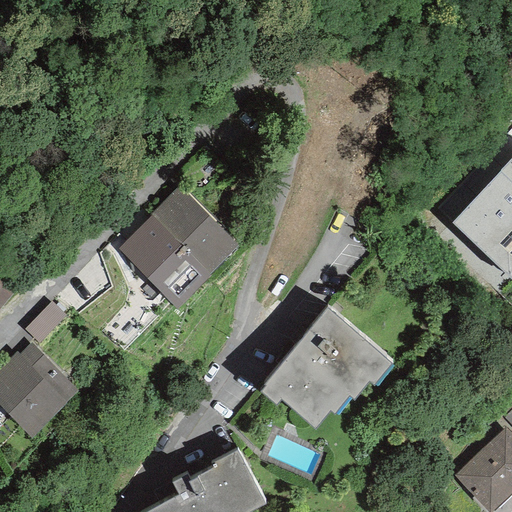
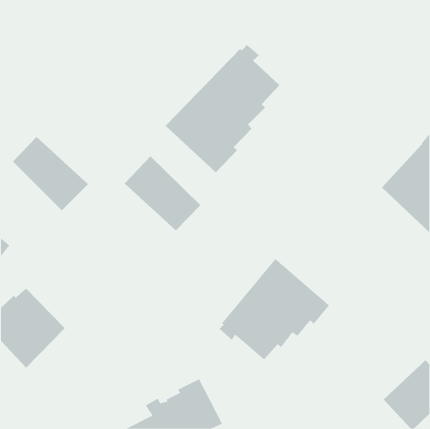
building: none -> [165,44,280,173]
building: [118,218,209,307] -> [12,136,89,211]
building: [24,300,67,343] -> none

